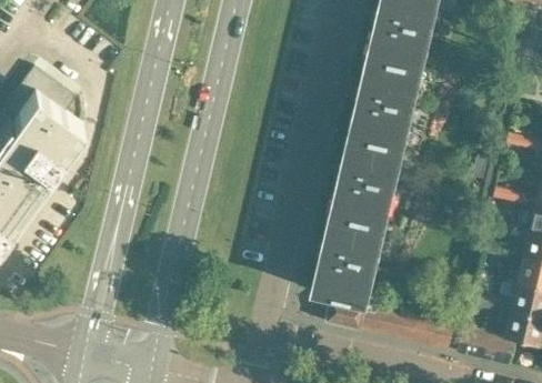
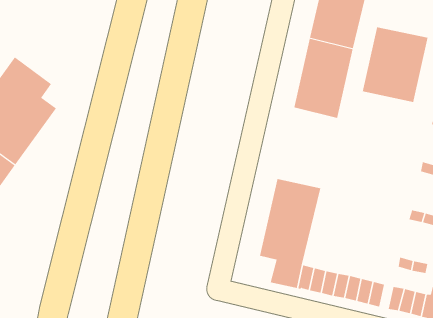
building: none -> [362,27,428,103]
building: [333,125,402,216] -> none

